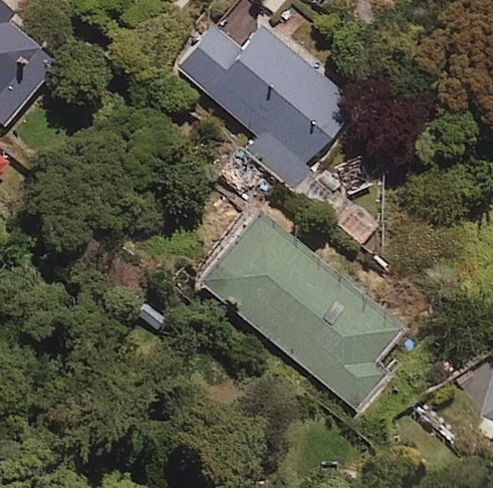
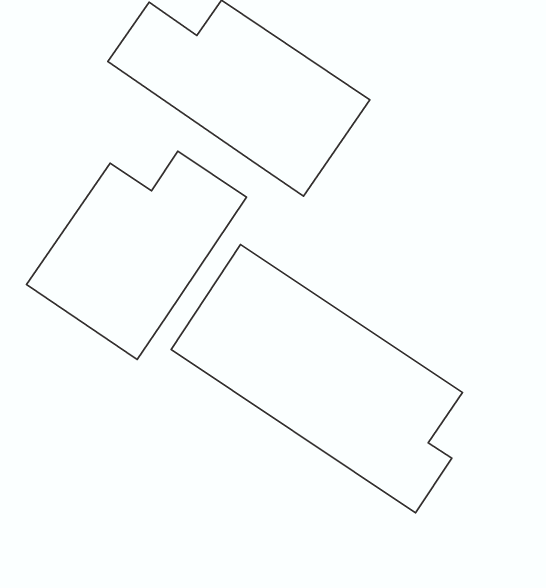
building: none -> [27,151,246,359]

